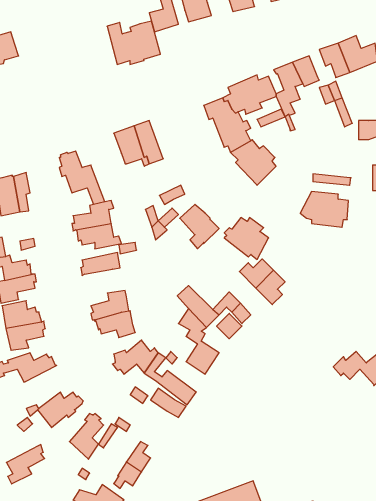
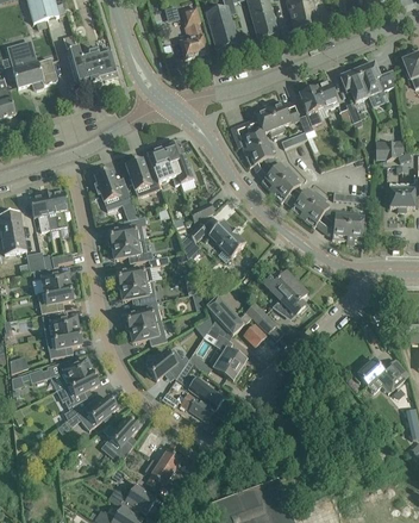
building: [107,21,160,64] -> [67,45,117,86]
building: none -> [126,158,160,195]
building: [224,218,269,259] -> [290,188,332,228]
building: none -> [119,279,157,303]
building: [6,445,45,484] -> [63,369,99,406]

